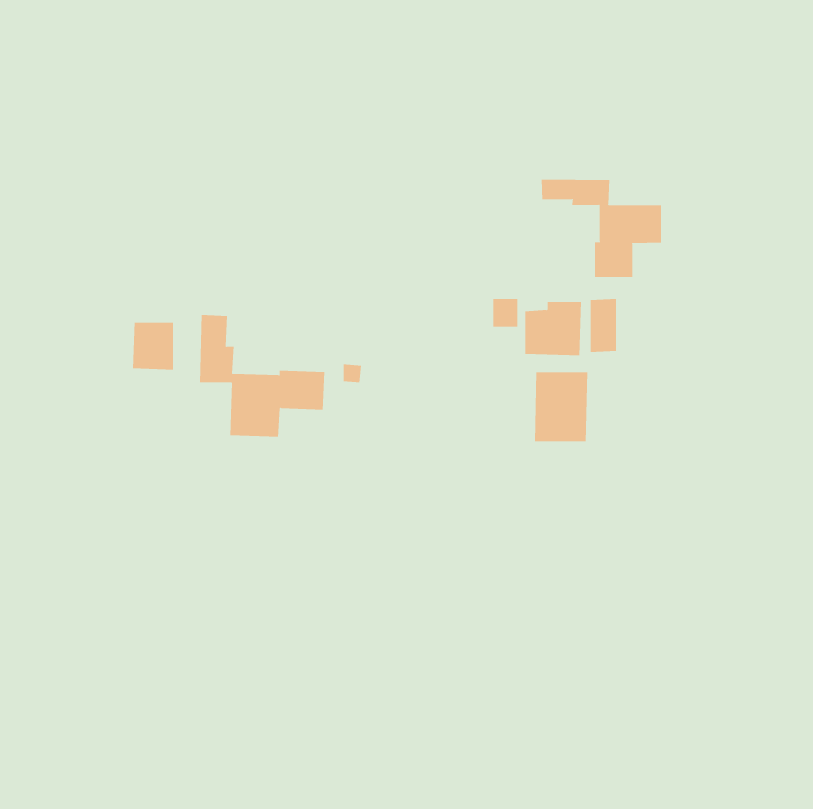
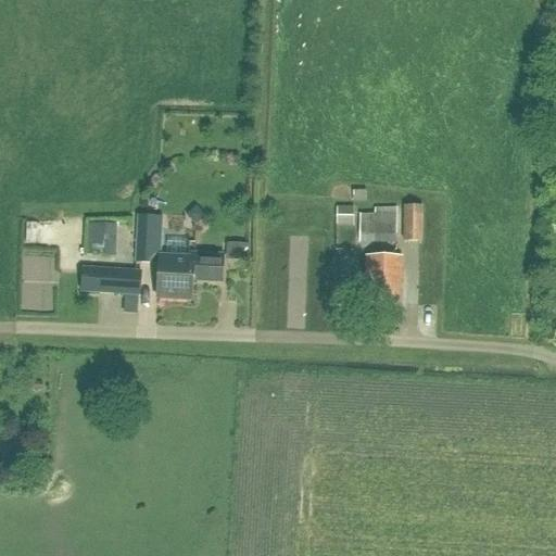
building: [541,179,662,278] -> none
building: none -> [83,265,142,292]

